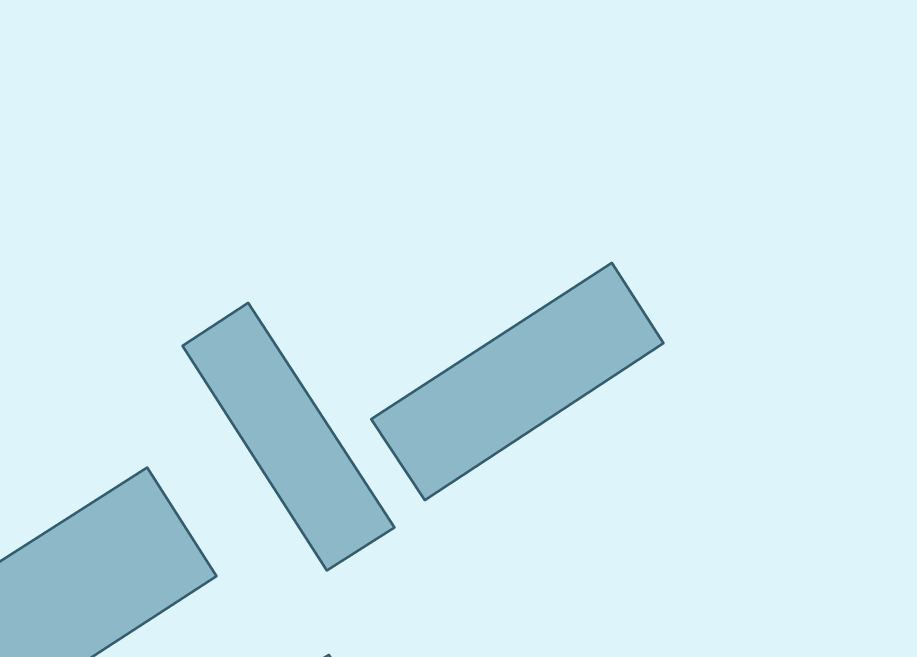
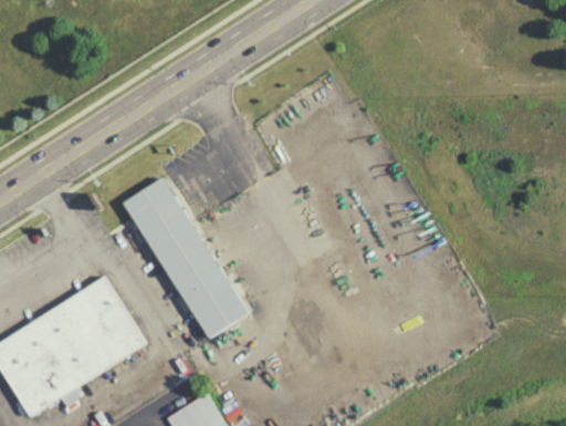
building: [371,263,663,500] -> none

